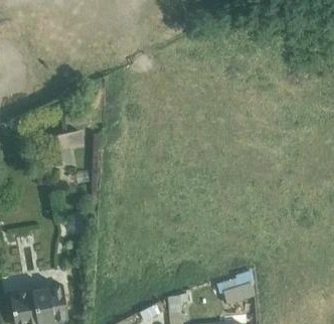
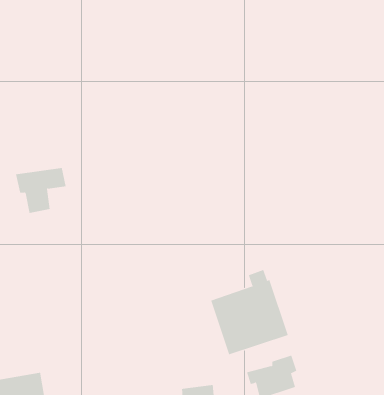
building: none -> [211,269,288,355]

